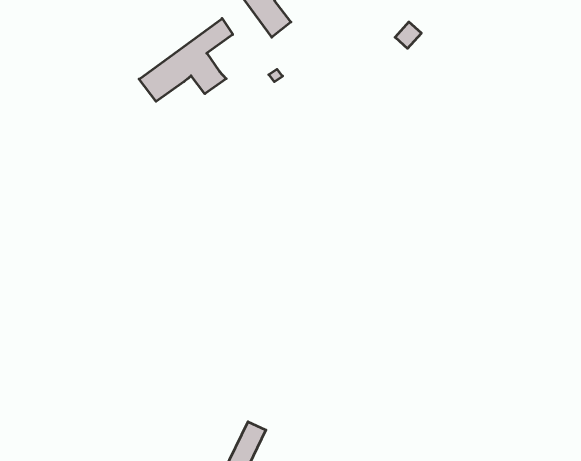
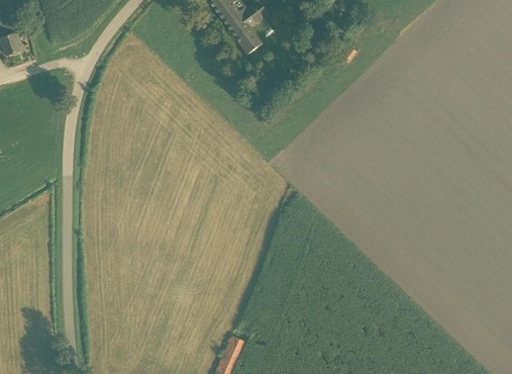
building: [139,18,233,101] -> none

